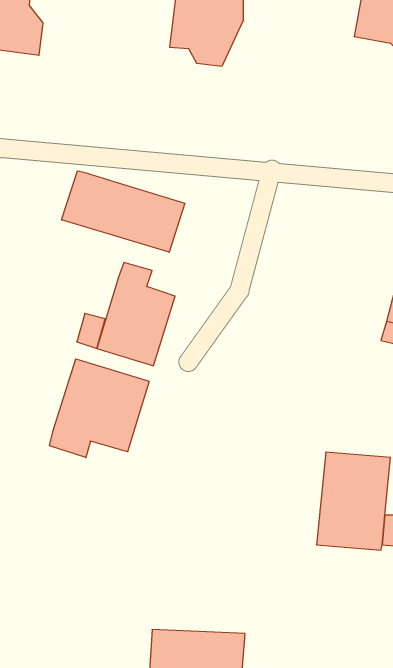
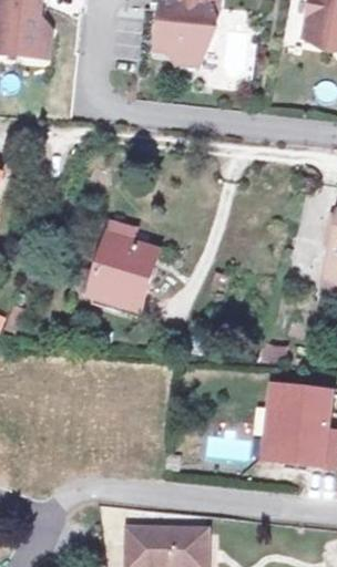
building: [62,171,185,252] -> none
building: [50,359,149,458] -> none

